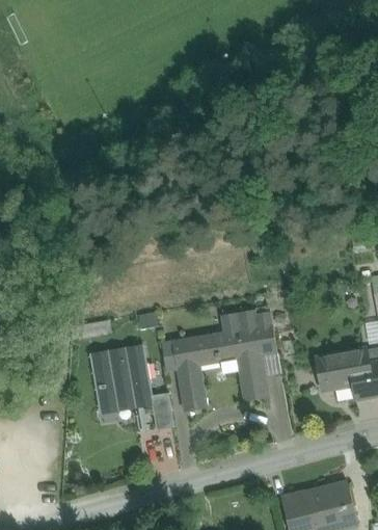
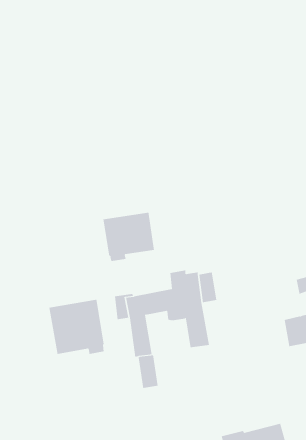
building: none -> [103,212,155,262]
building: [316,350,369,401] -> none
building: [151,394,173,431] -> [138,355,159,389]

